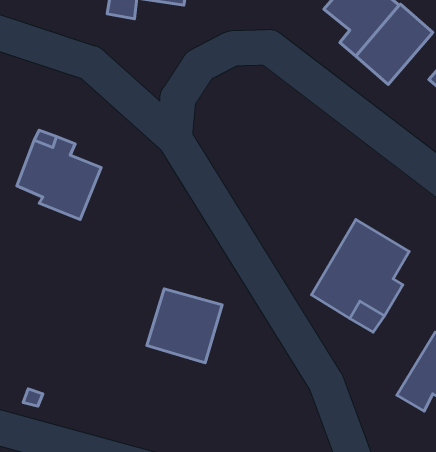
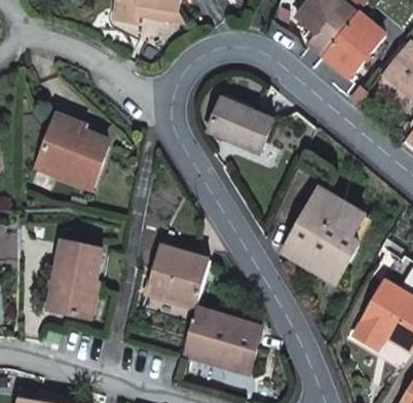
building: none -> [206,98,273,152]
building: none -> [46,241,102,317]
building: none -> [181,307,262,368]

